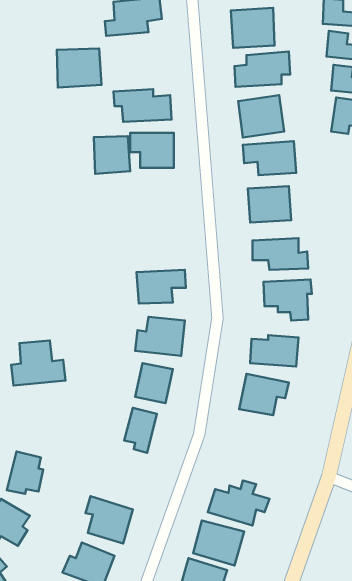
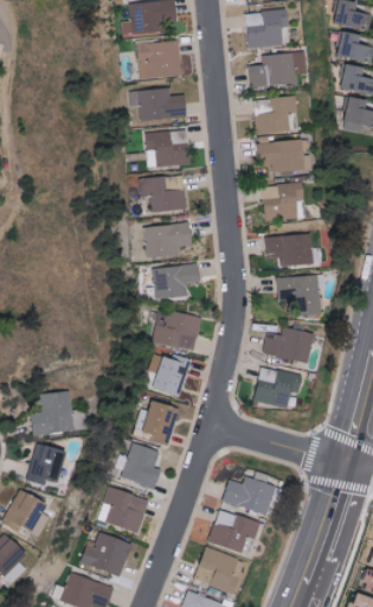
building: [57,49,102,87] -> [139,41,182,79]
building: [94,136,130,174] -> [149,175,185,212]
building: none -> [146,224,192,257]
building: [11,341,66,385] -> [31,391,84,435]
building: none -> [123,445,162,488]

